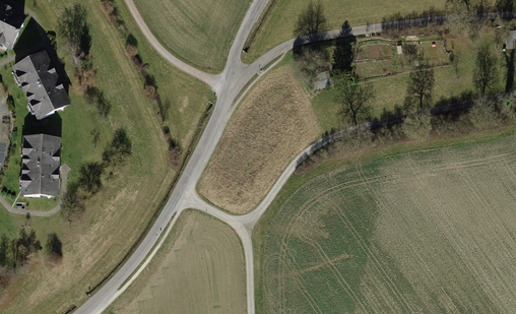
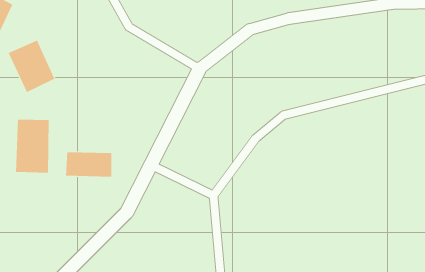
building: none -> [65,151,112,177]

